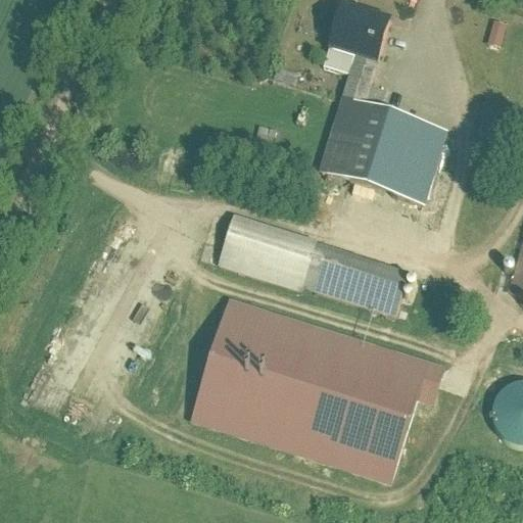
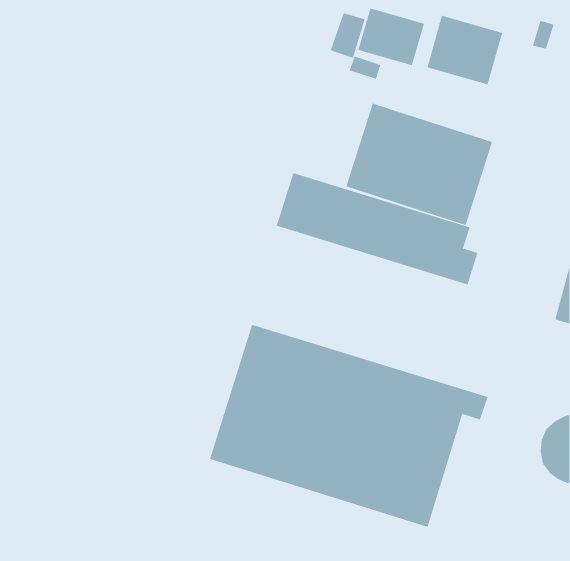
building: none -> [427,15,503,85]
building: [340,59,373,101] -> [330,13,366,58]
building: [220,216,405,319] -> [276,172,478,285]

